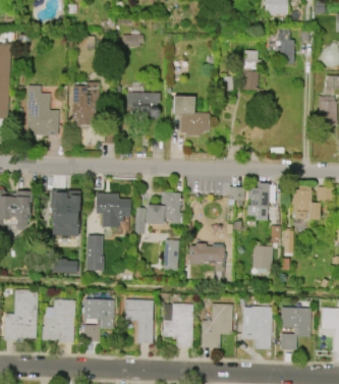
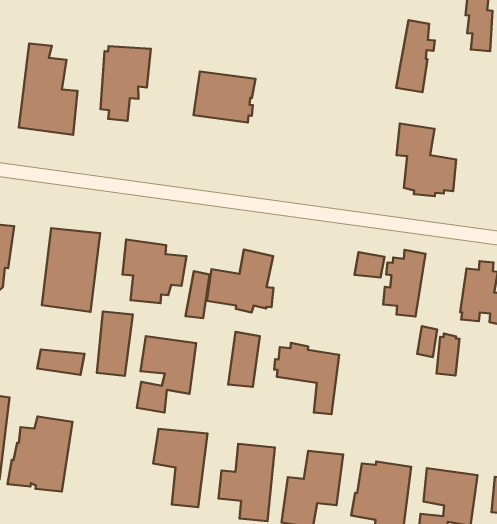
building: [174,96,209,135] -> [397,124,456,196]
building: [253,245,273,269] -> none
building: [83,298,114,341] -> [137,336,196,413]

